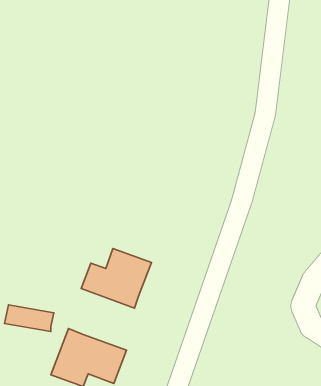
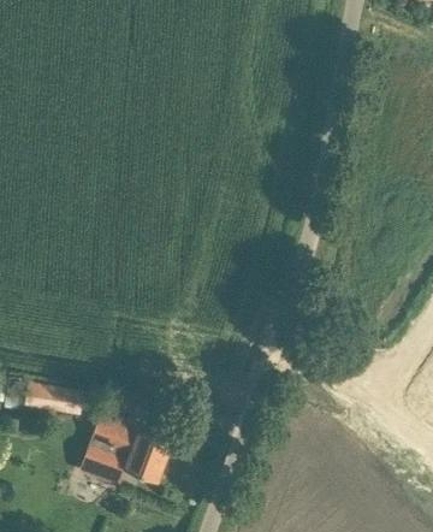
building: [81,248,151,308] -> none

